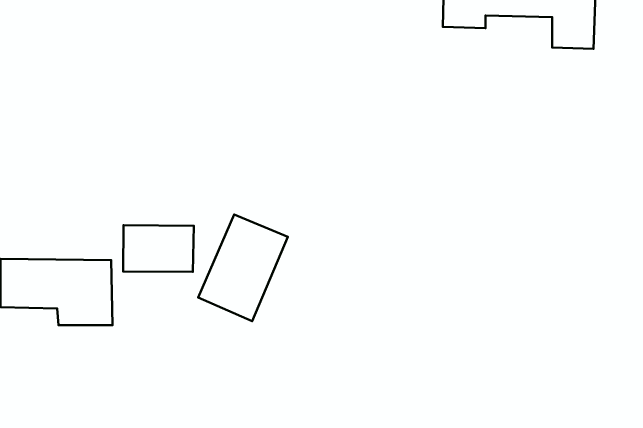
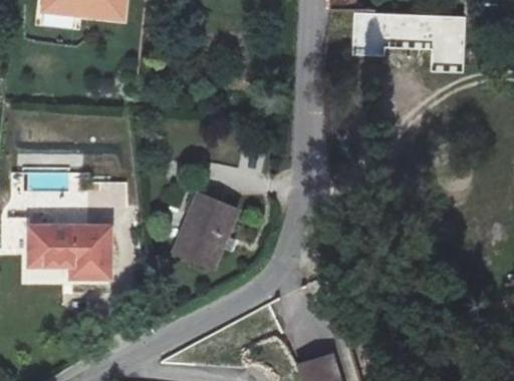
building: [123,225,194,272] -> none

